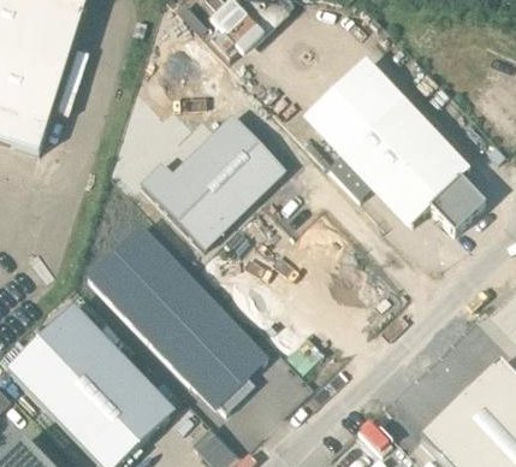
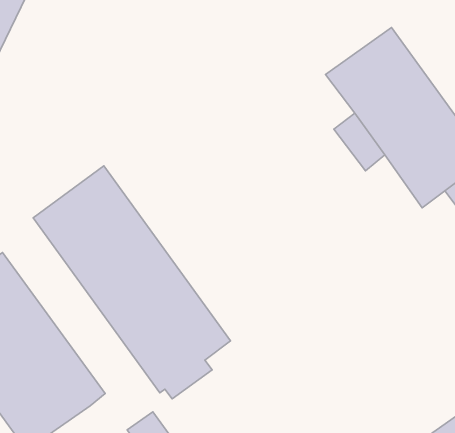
building: [140,113,285,247] -> none

